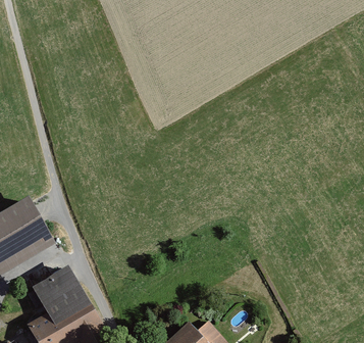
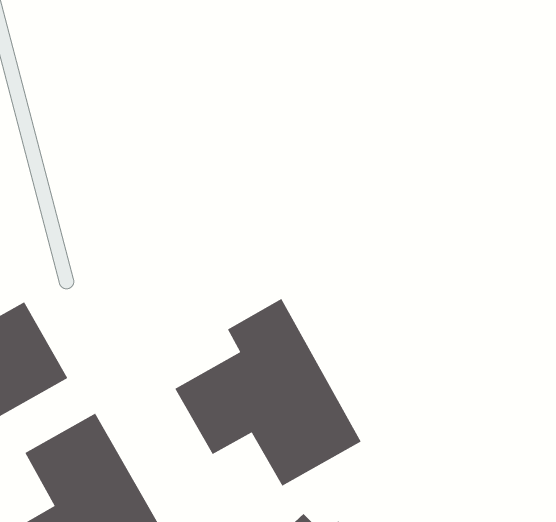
building: none -> [174,298,361,486]

